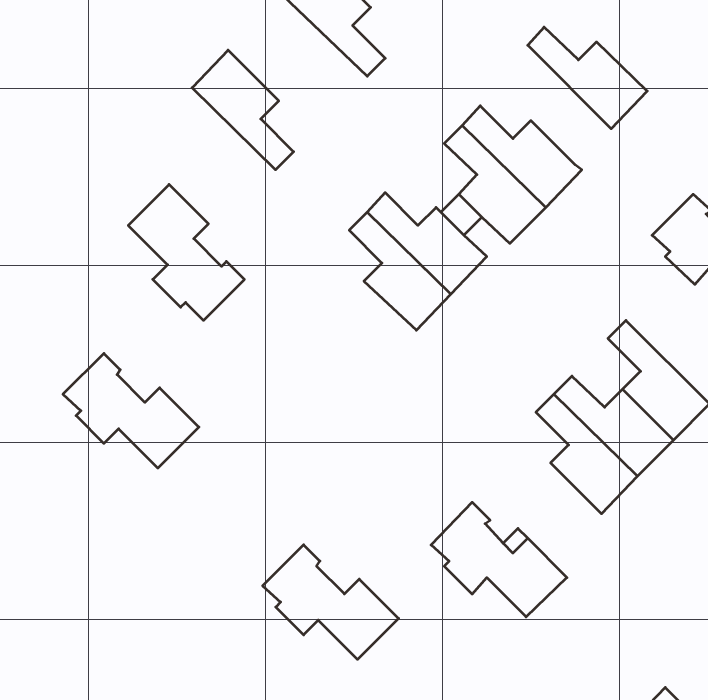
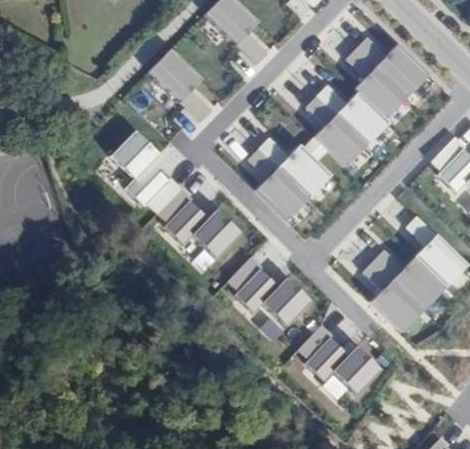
building: none -> [344,45,406,118]
building: [63,353,199,468] -> [156,188,240,259]
building: [263,545,399,659] -> [225,258,309,328]

